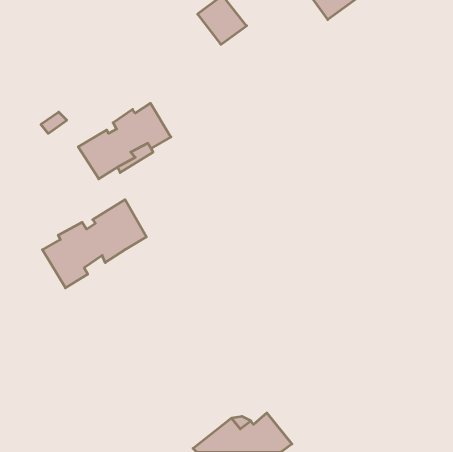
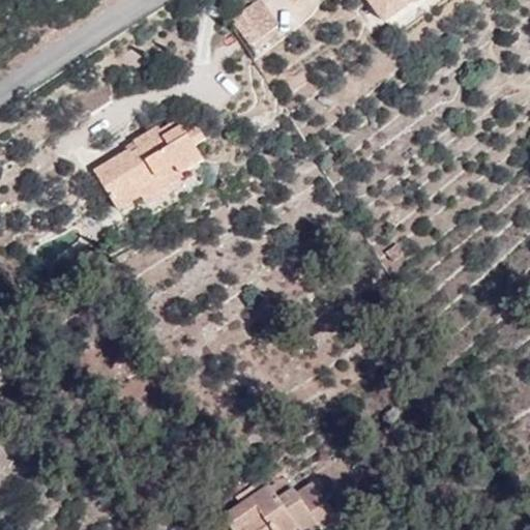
building: [42,200,146,288] -> none

